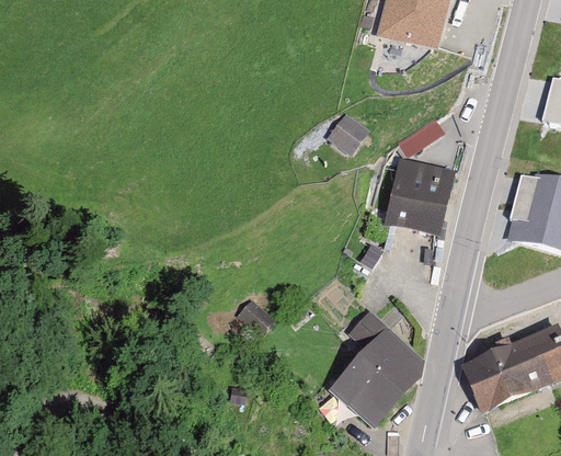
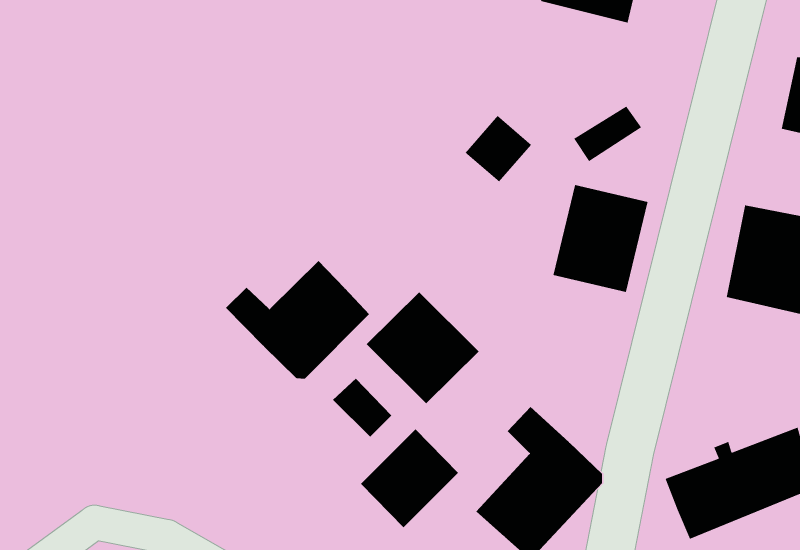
building: none -> [225,260,370,379]
building: none -> [366,291,479,404]
building: none -> [360,429,459,528]

